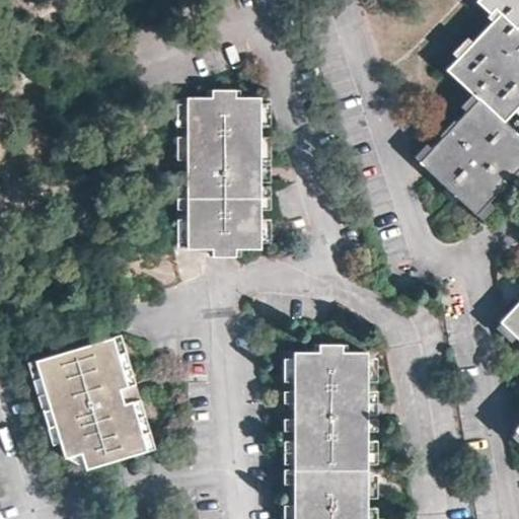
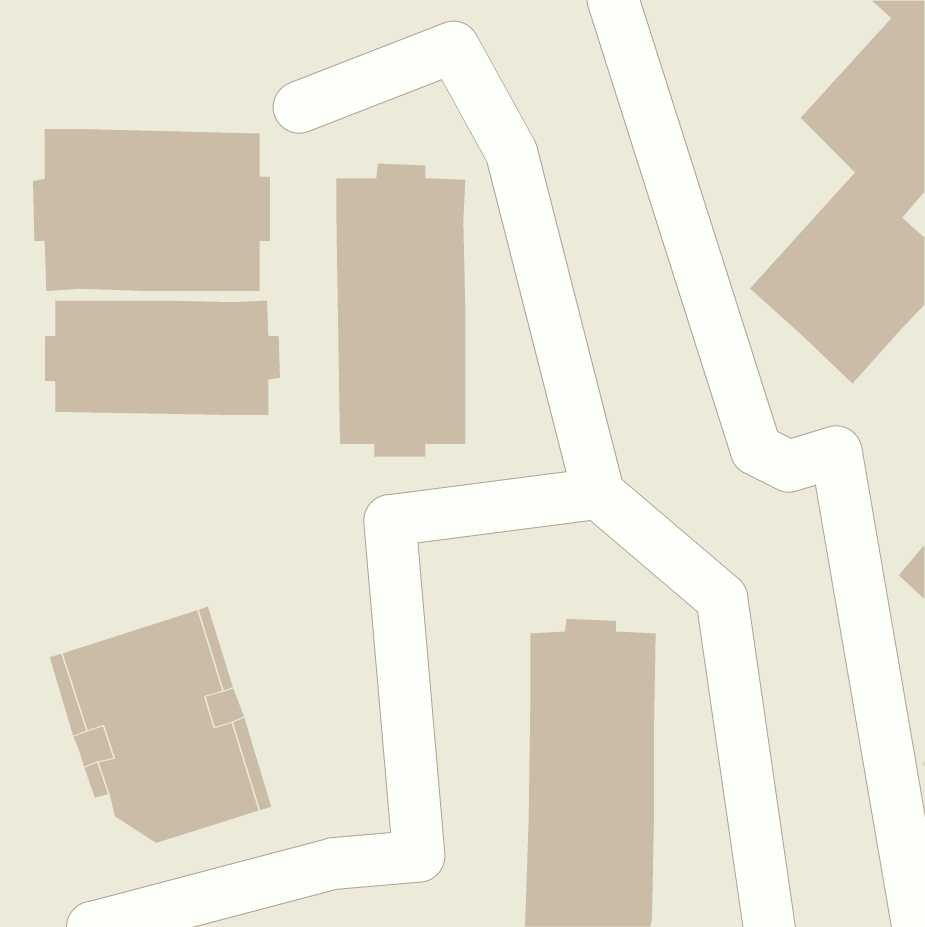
building: none -> [32,128,271,292]
building: none -> [45,300,281,416]

